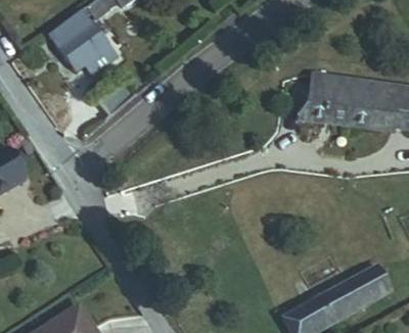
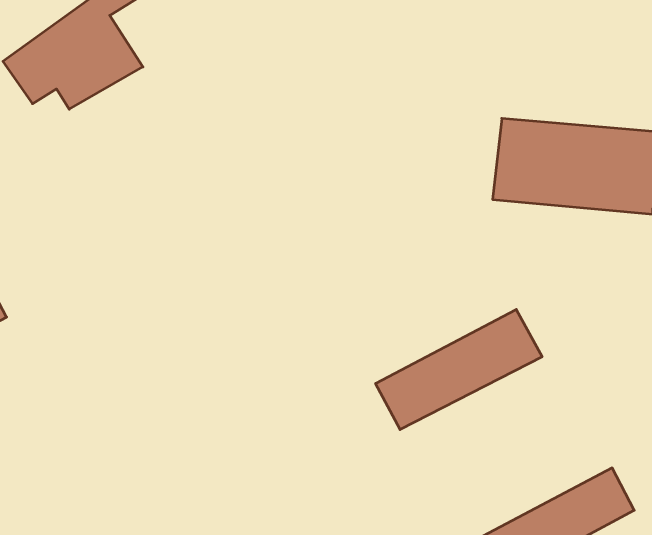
building: none -> [376,309,542,430]

